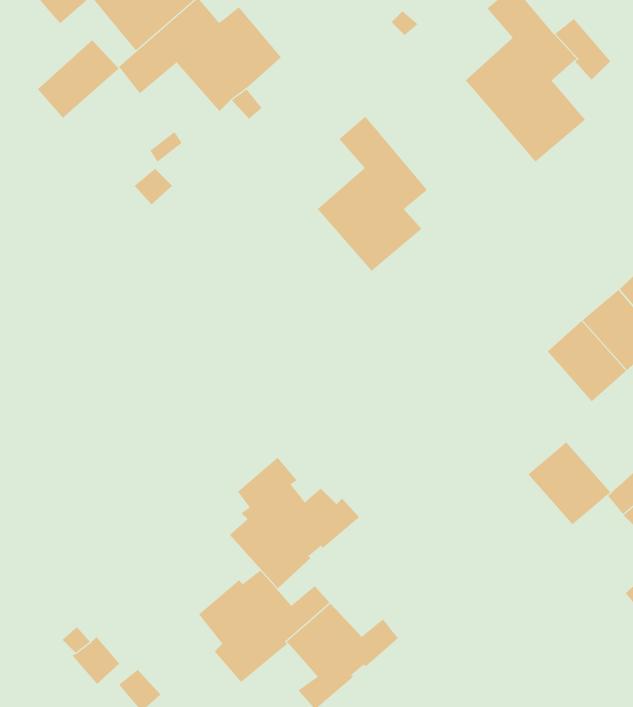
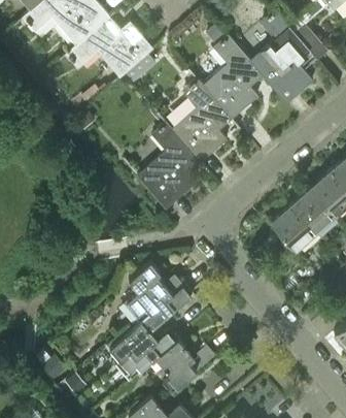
building: none -> [202,36,262,121]
building: [37,39,120,118] -> none
building: none -> [136,124,199,211]
building: [528,441,611,525] -> [272,205,316,250]

